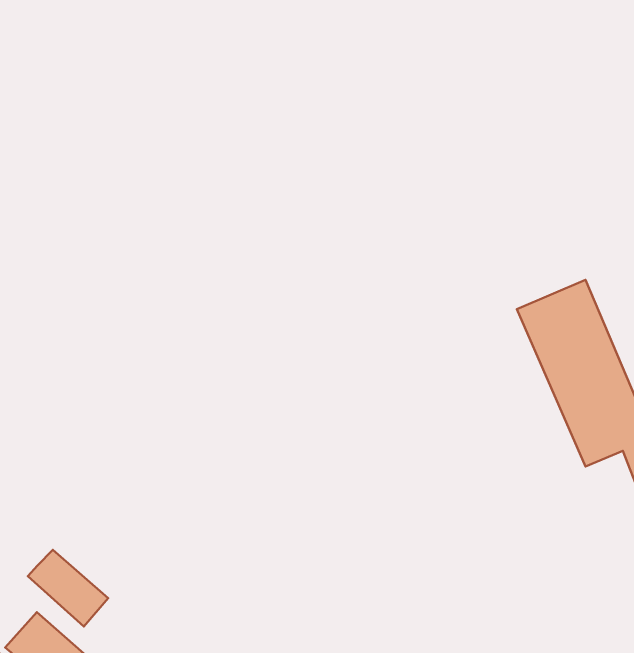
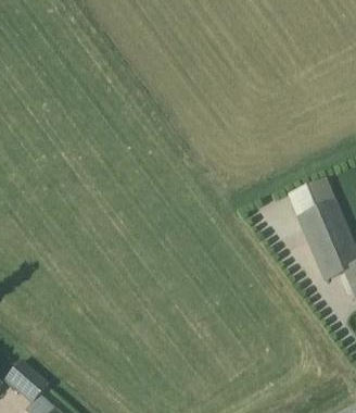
building: [28,550,108,627] -> none

